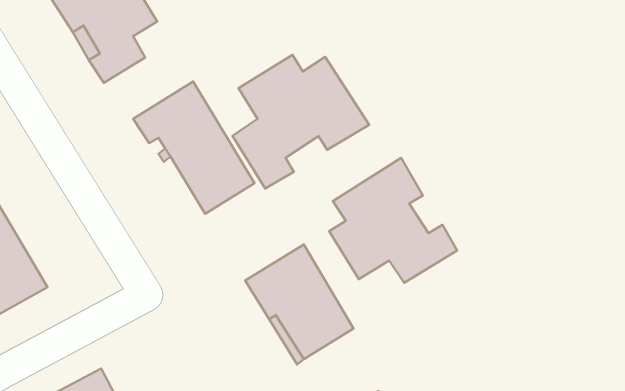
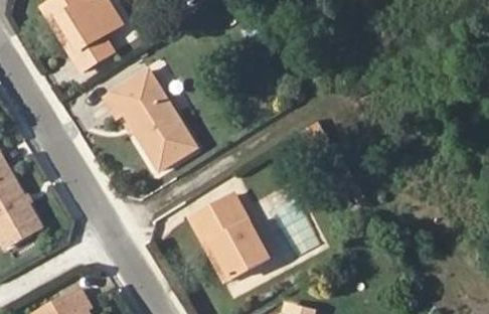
building: [232,55,369,189] -> none
building: [329,158,457,283] -> none

